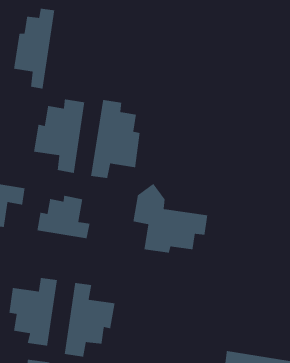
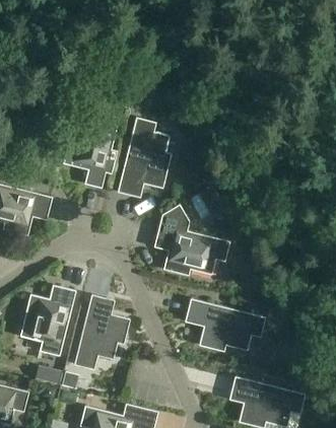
building: [13,8,55,90] -> none
building: [36,195,90,239] -> none
building: none -> [186,298,265,352]

